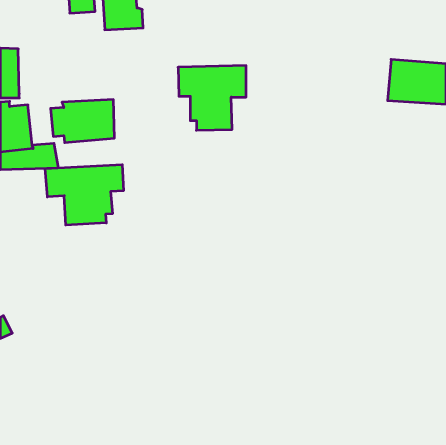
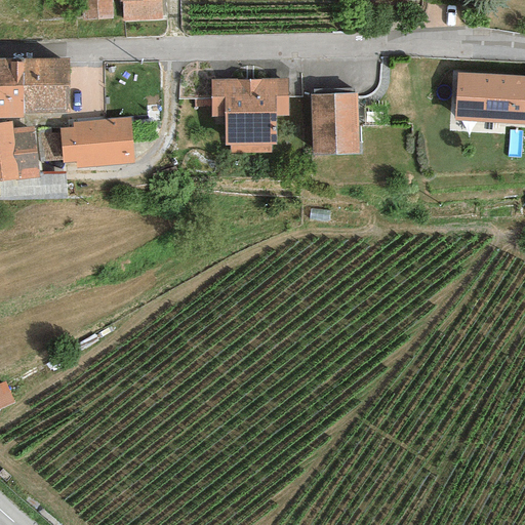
building: none -> [22,55,70,110]
building: none -> [311,92,358,153]
building: [45,165,123,225] -> none

